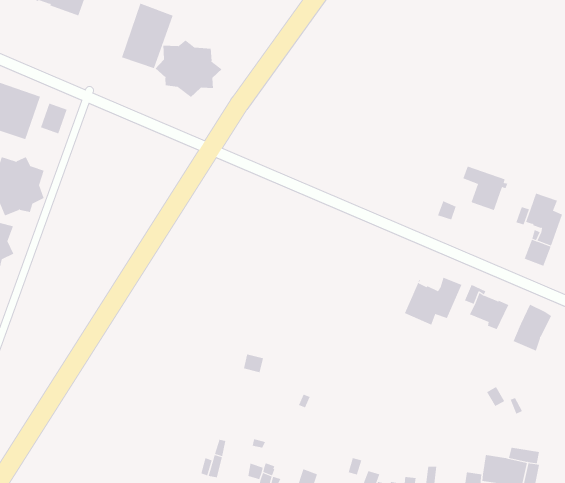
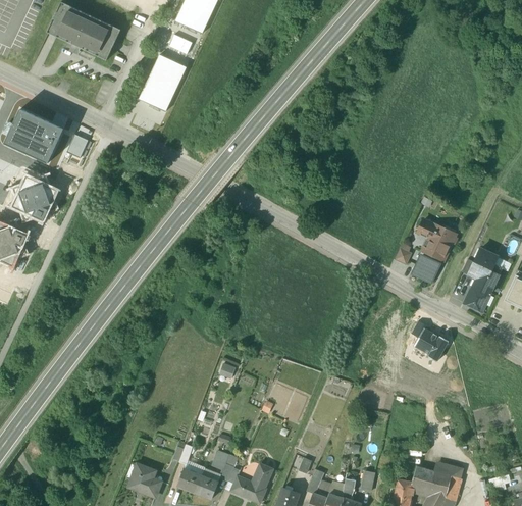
building: [155,39,223,98] -> none
building: none -> [411,251,441,283]
building: [404,277,462,326] -> none
building: [513,304,552,351] -> none

